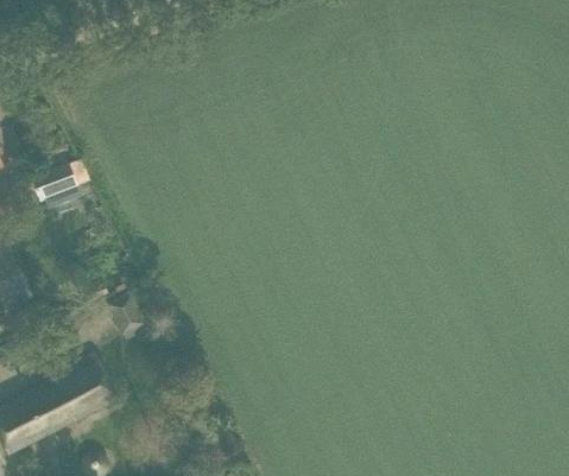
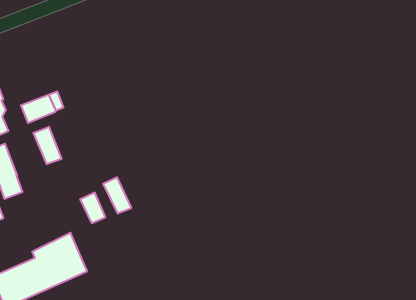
building: none -> [33,127,62,164]
building: none -> [103,177,131,214]

